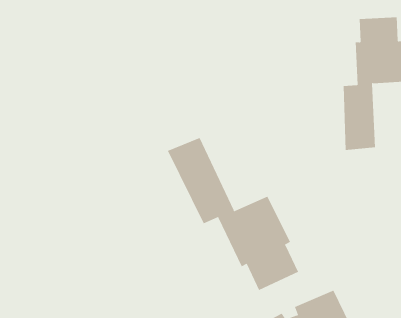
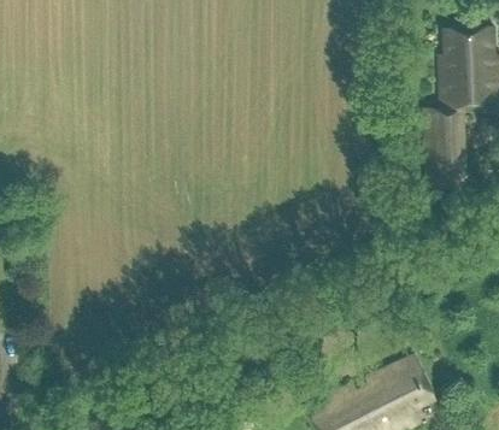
building: [167,137,299,291] -> none

